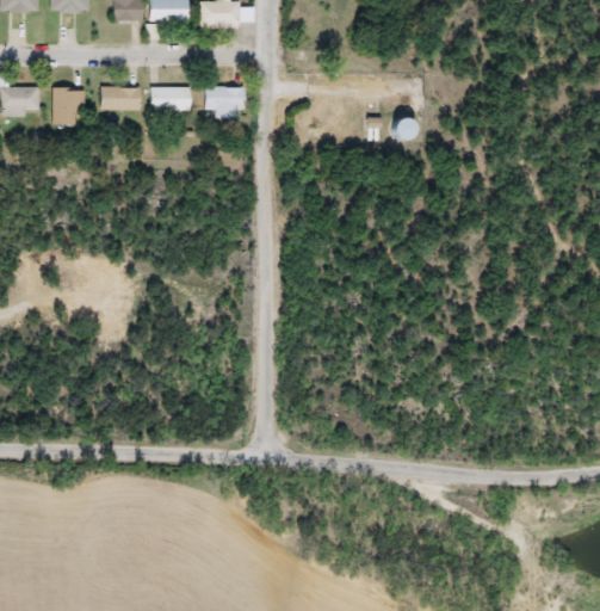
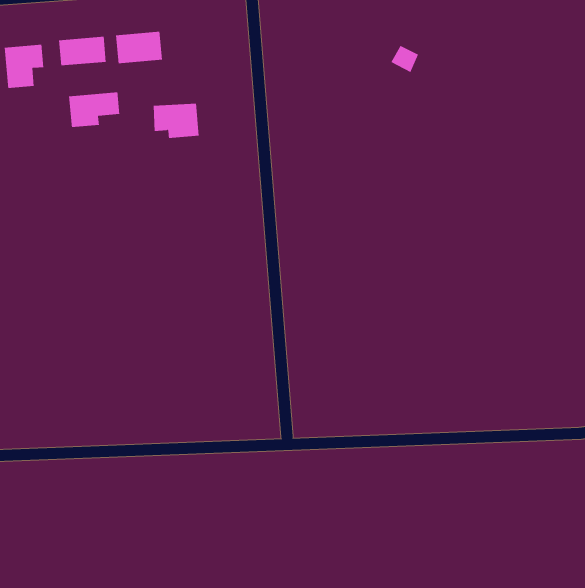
building: [203,86,242,116] -> [153,103,199,139]
building: none -> [69,92,120,128]

